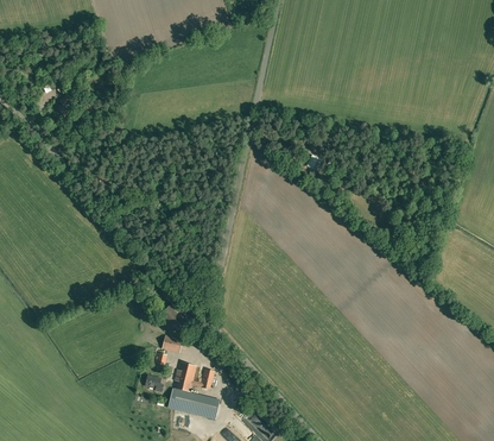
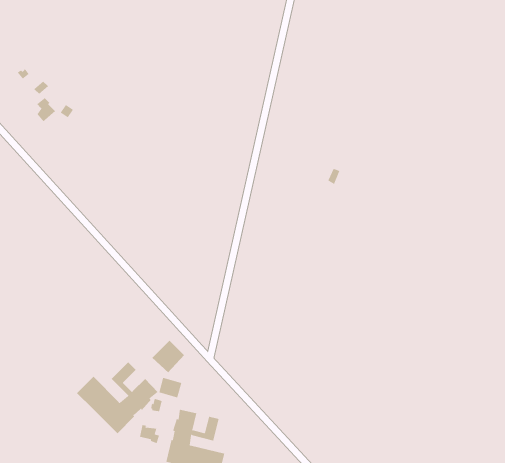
building: none -> [76,361,158,434]

